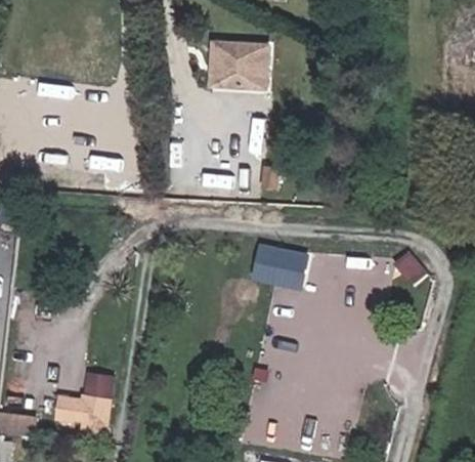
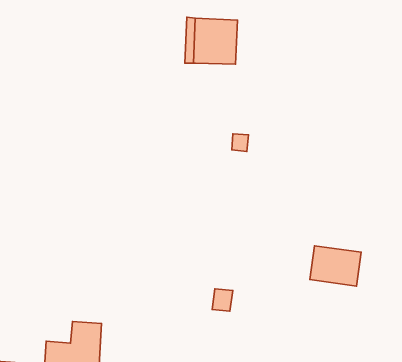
building: [253,244,309,288] -> [310,246,361,286]

